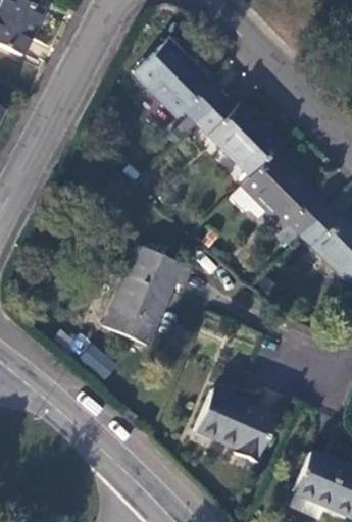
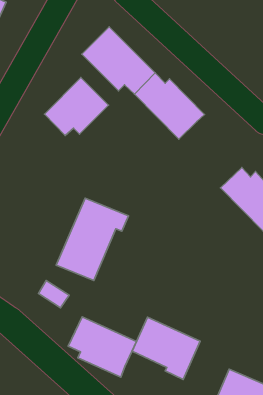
building: none -> [45,78,108,135]
building: [241,155,325,234] -> none
building: none -> [68,317,136,377]

